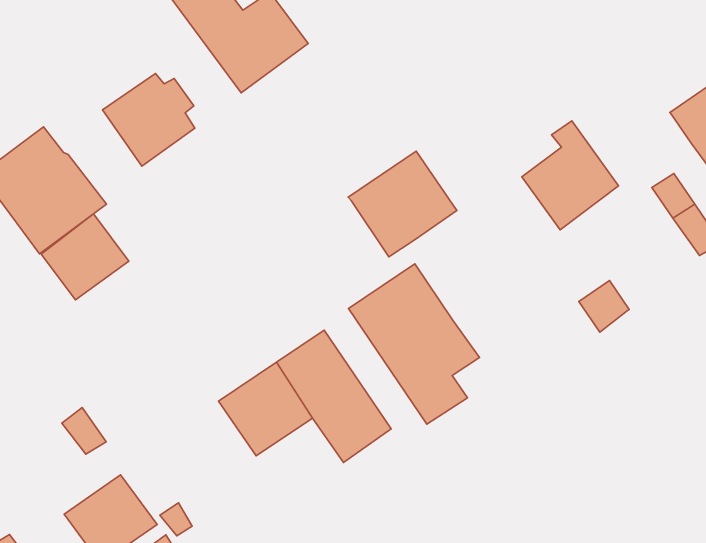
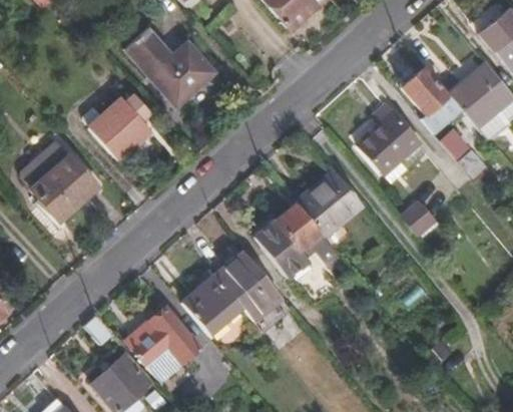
building: none -> [404,68,463,134]
building: [348,151,457,257] -> [295,168,364,237]
building: [41,214,129,300] -> none
building: none -> [127,308,198,361]

